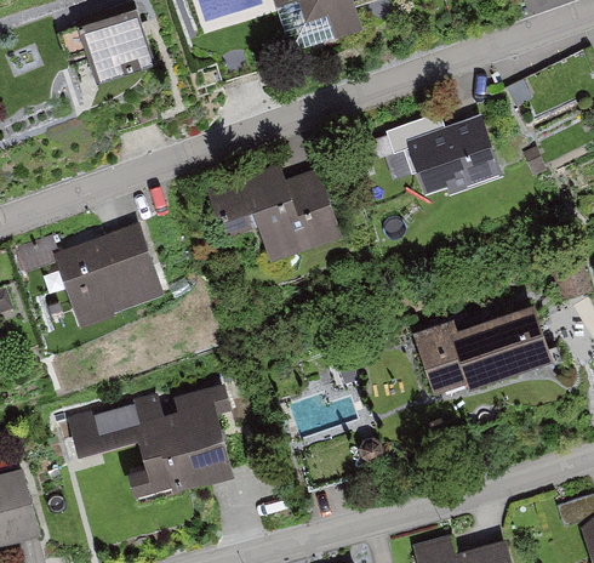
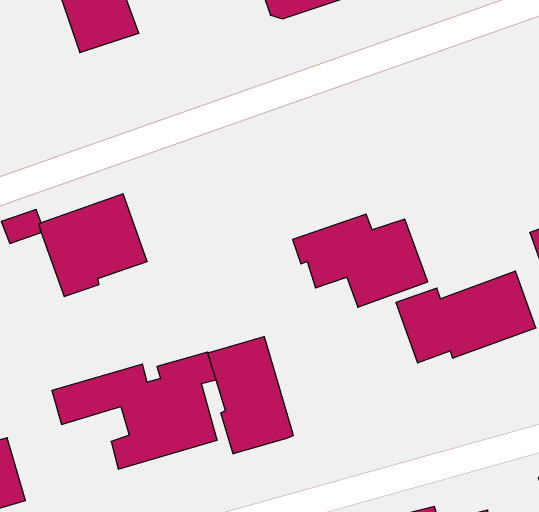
building: [385,115,493,187] -> none
building: [206,166,342,260] -> [293,214,428,307]
building: none -> [208,336,293,454]

